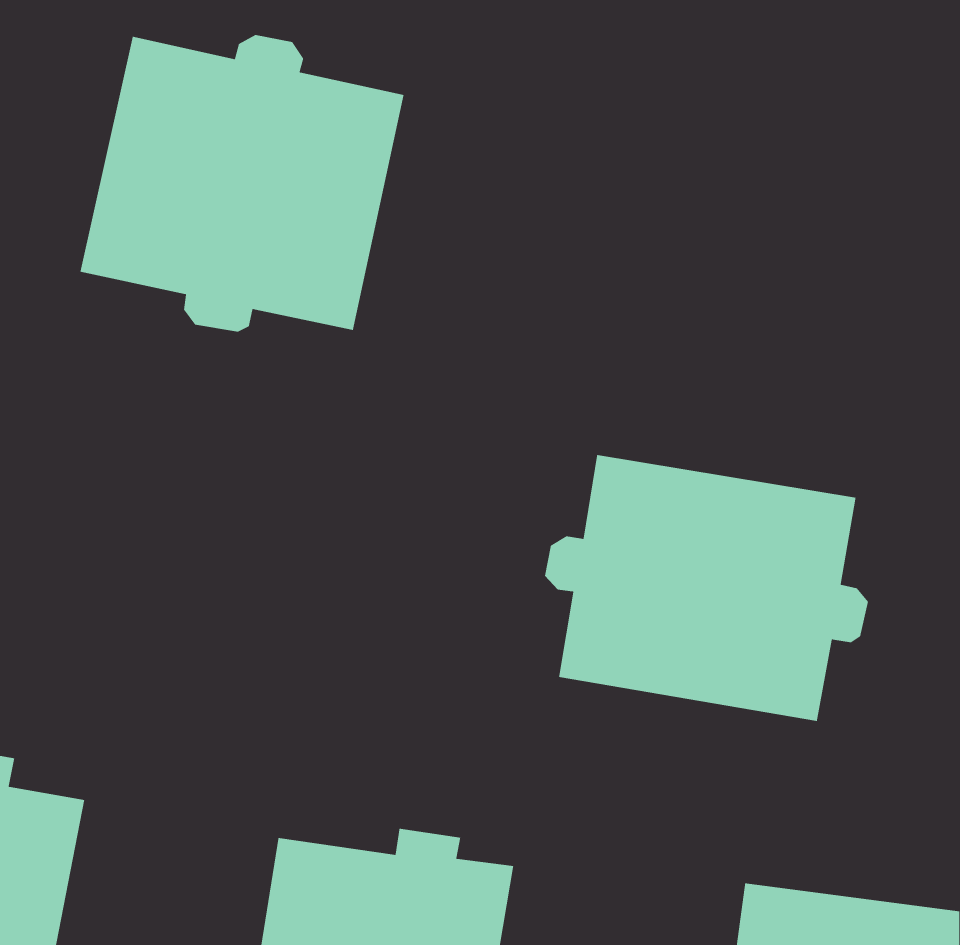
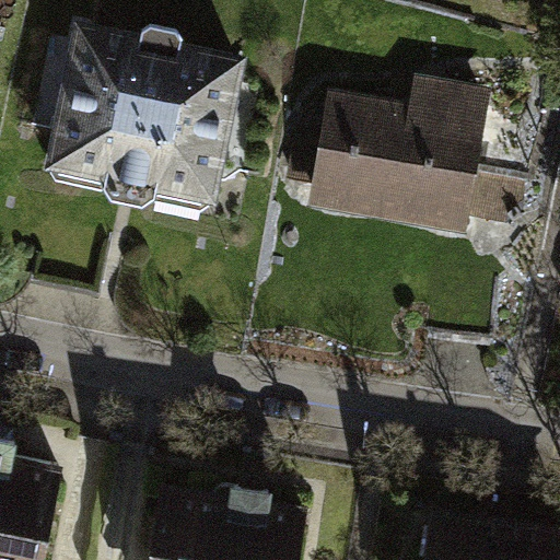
building: none -> [312,96,520,233]
building: [544,454,869,722] -> none

